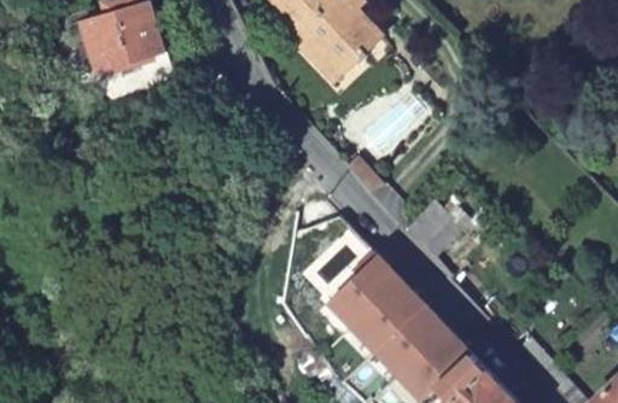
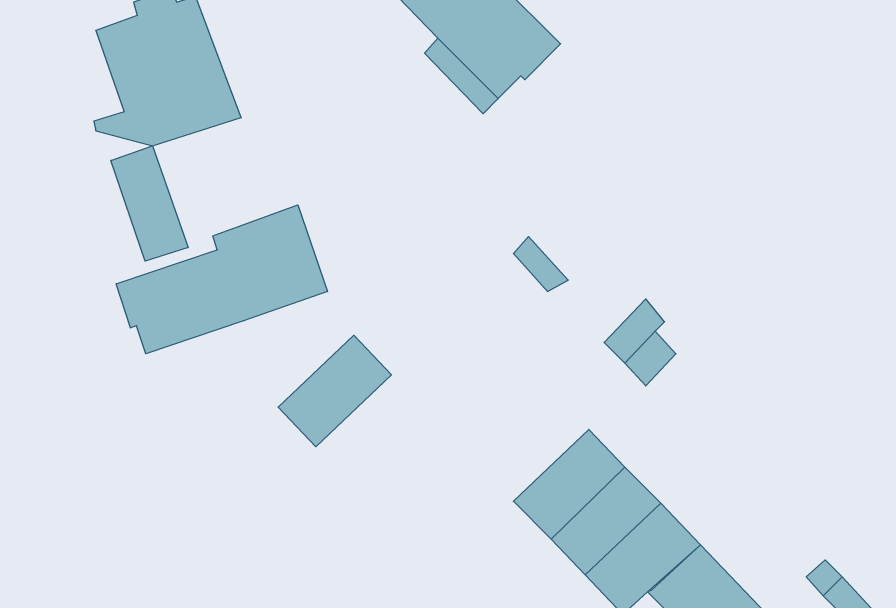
building: none -> [111,146,188,261]
building: none -> [116,205,327,354]
building: [326,253,398,325] -> [278,335,391,447]

